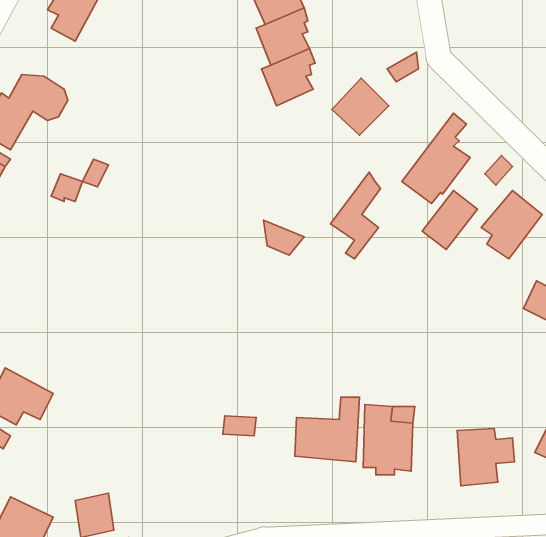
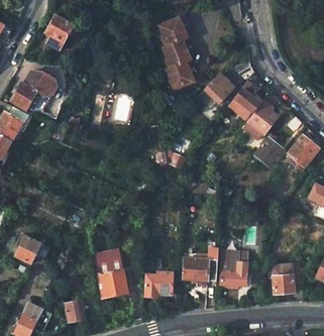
building: [331,172,380,259] -> [232,72,259,119]
building: none -> [92,253,132,301]
building: none -> [144,271,174,299]

